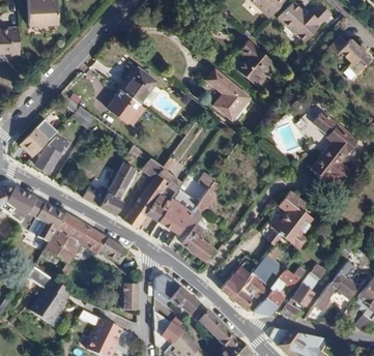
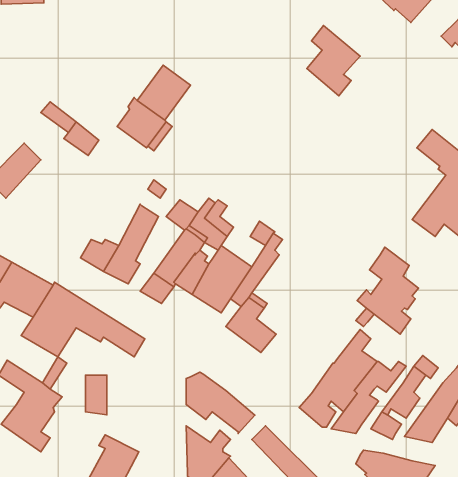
building: [206,68,251,120] -> none
building: [35,135,69,173] -> none
building: [220,260,254,298] -> none
building: [123,284,138,310] -> [85,375,107,415]

